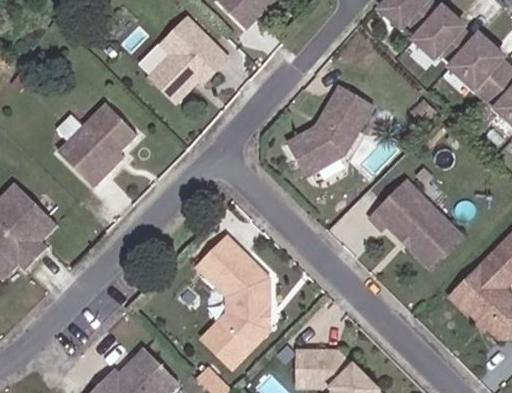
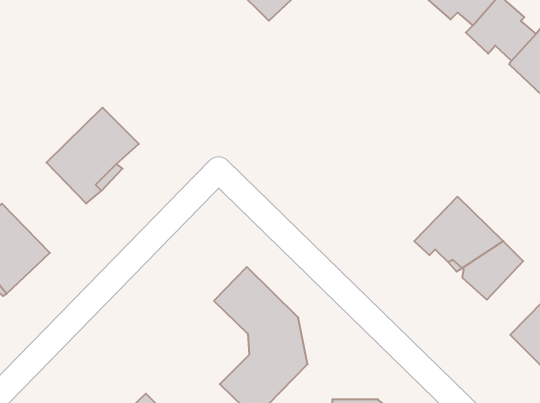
building: [147,17,226,102] -> none
building: [286,89,371,180] -> none

